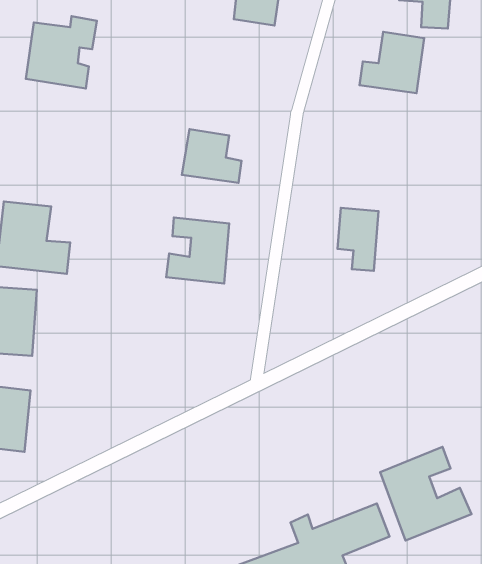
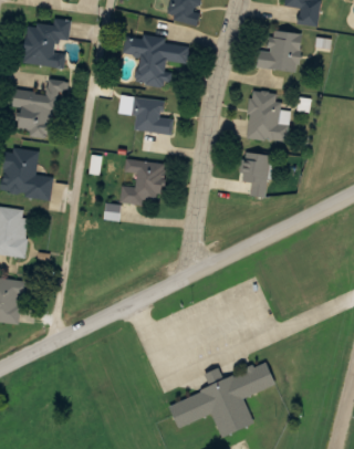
building: none -> [121,32,189,87]
building: none -> [12,80,60,139]
building: none -> [244,91,287,143]
building: [380,447,471,541] -> none

